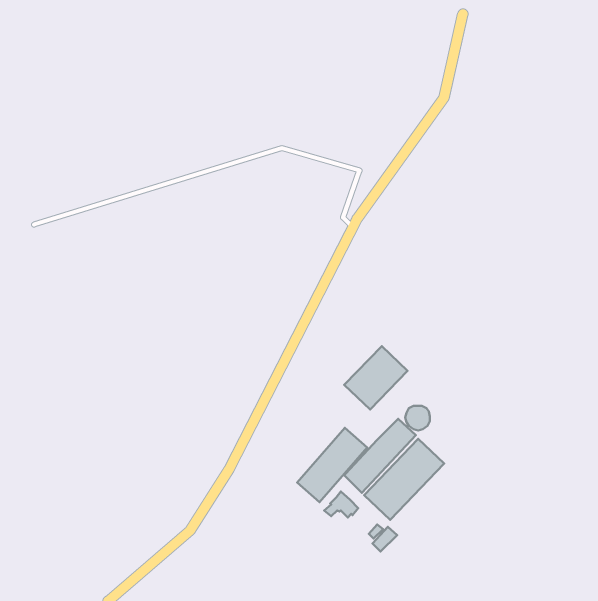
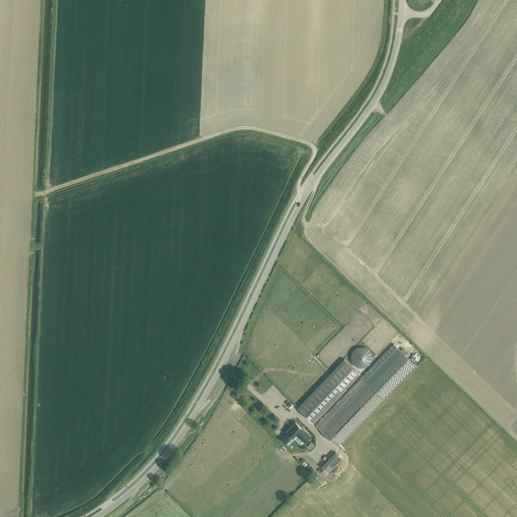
building: [344,346,408,410] -> [359,343,414,398]
building: [297,428,367,502] -> none

